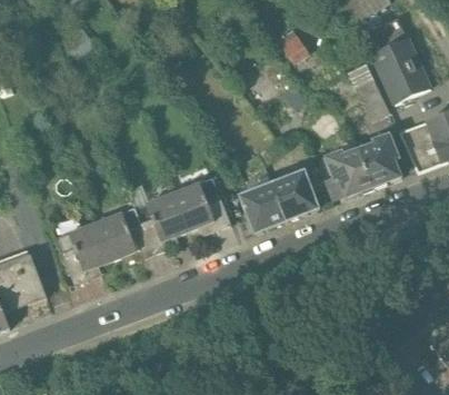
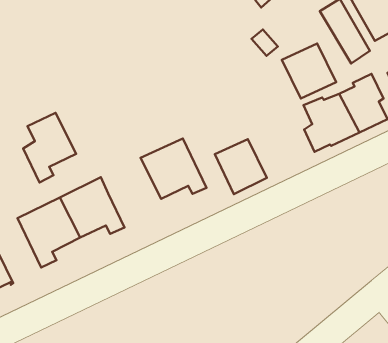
building: [272,170,320,219] -> [282,44,336,99]
building: [141,191,189,254] -> [23,113,76,182]

